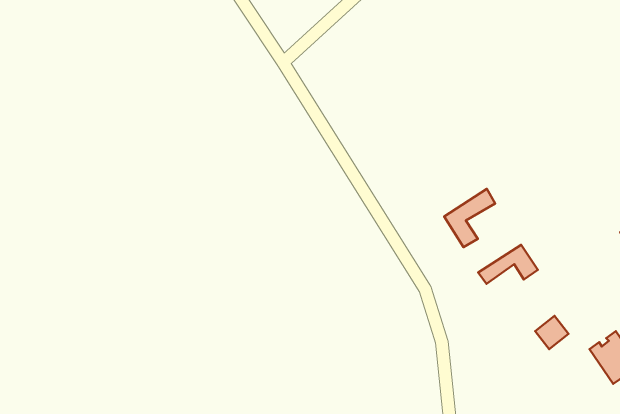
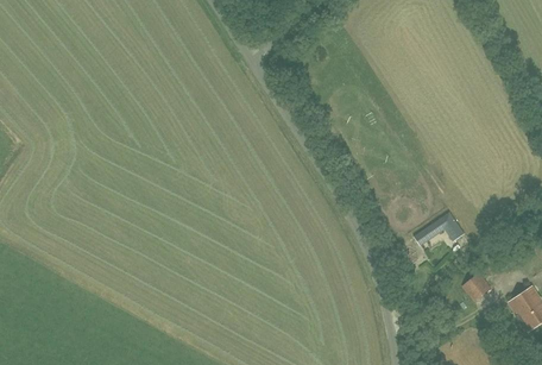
building: [444,189,495,247] -> none

